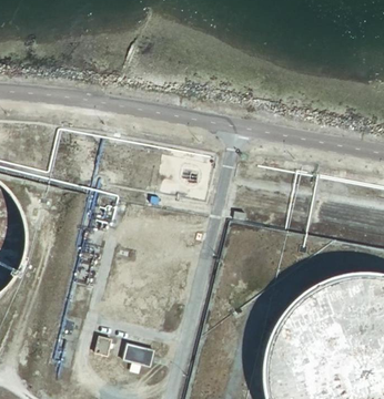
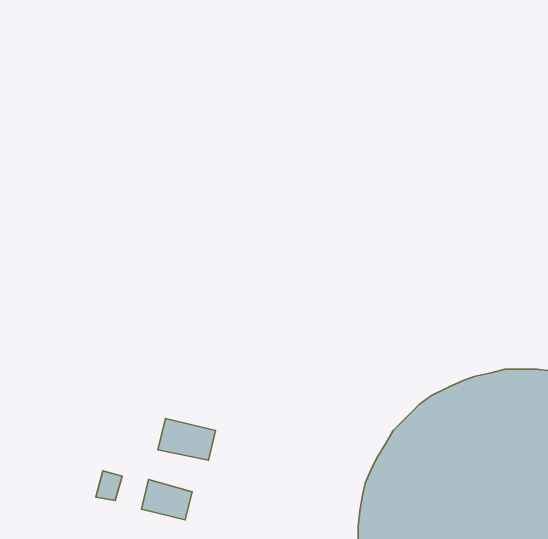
building: none -> [158,418,215,460]

